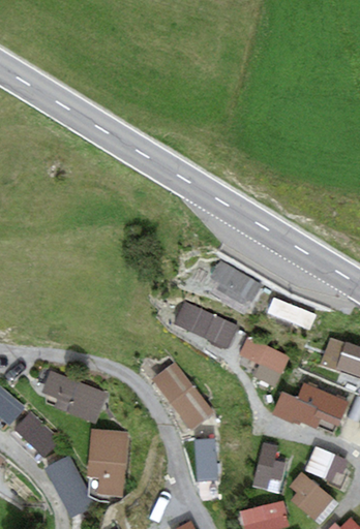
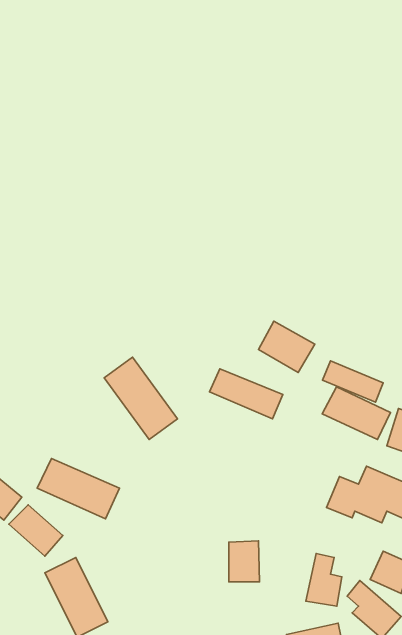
building: [236,337,291,379] -> [322,387,390,440]
building: [155,367,214,433] -> [104,357,178,439]
building: [89,428,126,495] -> none

